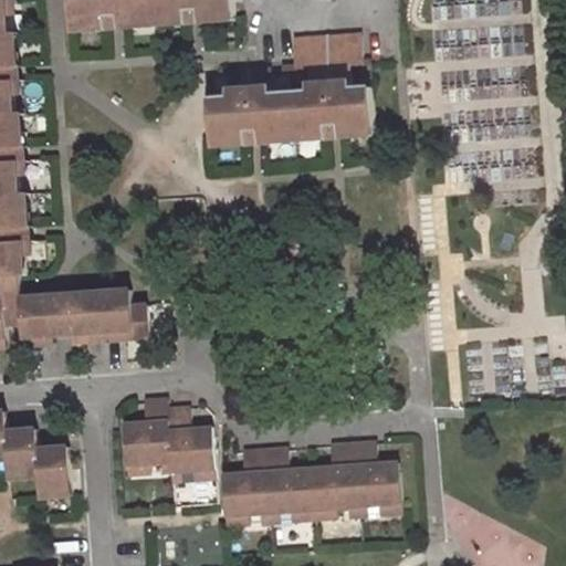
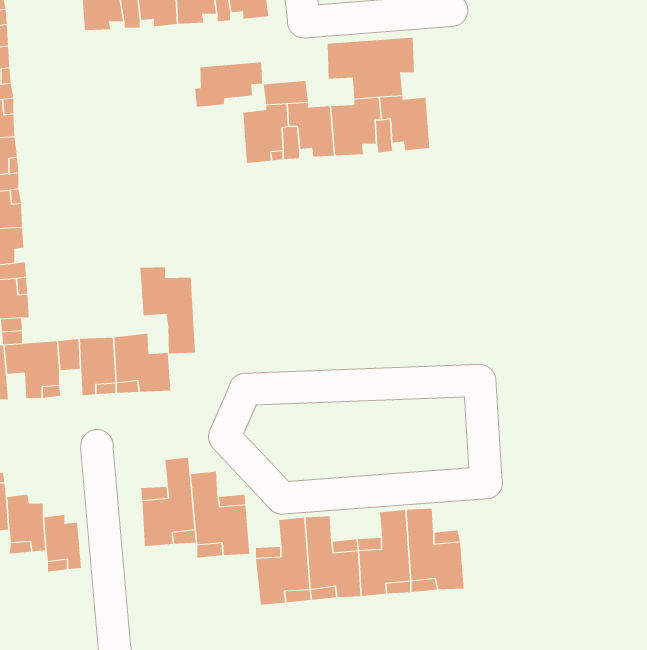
building: none -> [194,61,263,108]
building: none -> [140,267,196,354]

